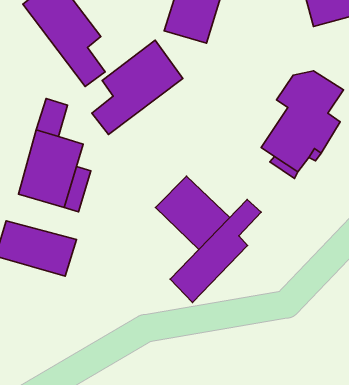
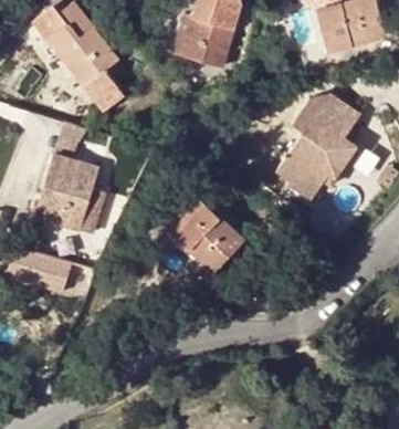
building: [92,40,183,135] -> none
building: [170,200,261,302] -> none

